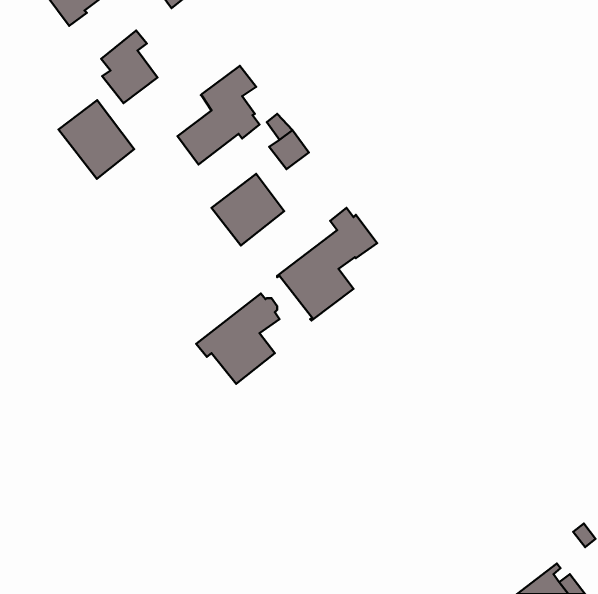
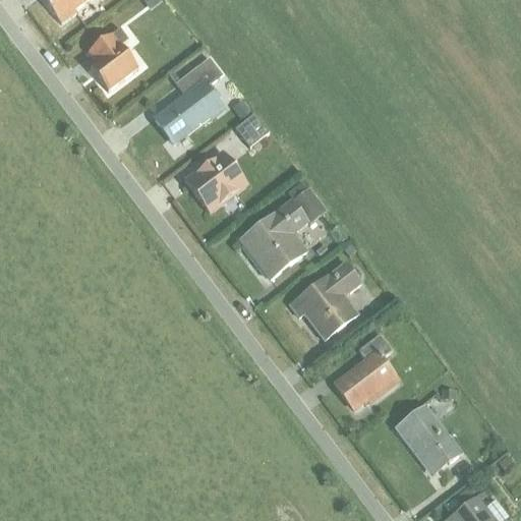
building: [58,100,134,179] -> none
building: [196,293,280,384] -> [289,260,361,339]
building: none -> [334,333,400,408]
building: none -> [396,405,461,472]

